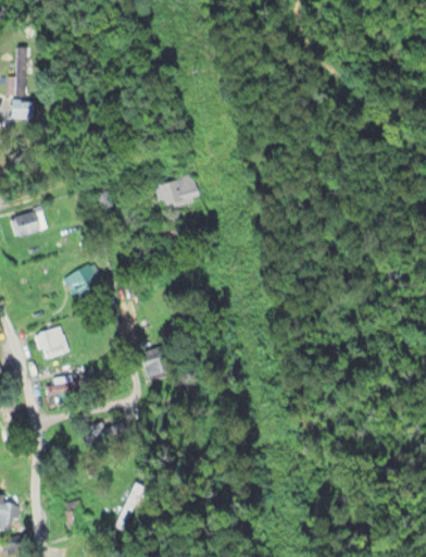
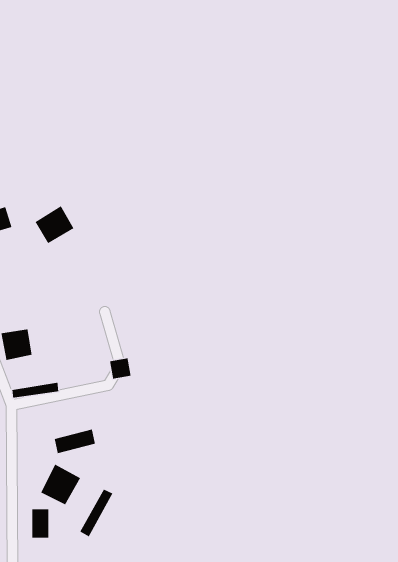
building: [154,175,199,206] -> none
building: [62,262,101,300] -> [35,205,75,244]
building: none -> [40,463,81,506]

